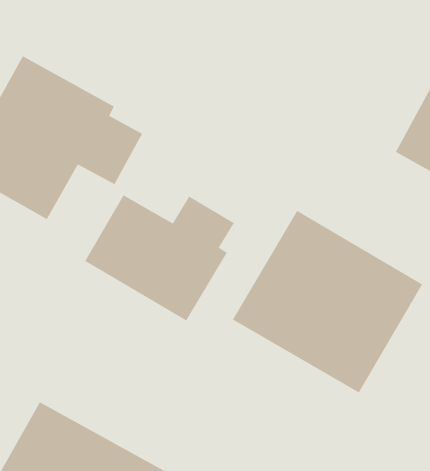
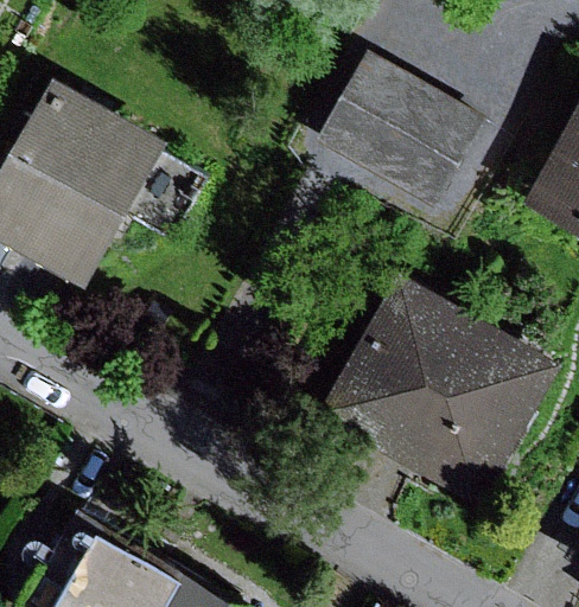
building: none -> [314,55,484,215]
building: [84,194,235,322] -> none

